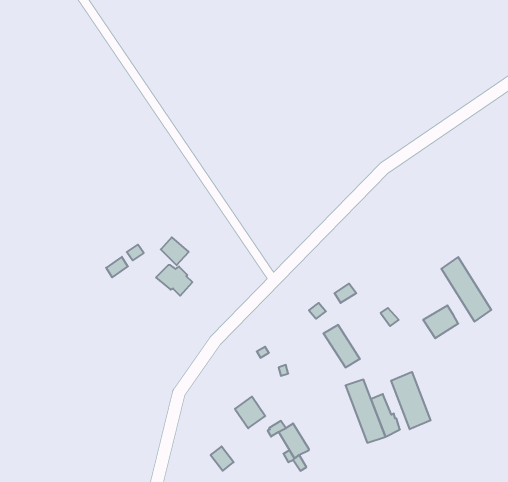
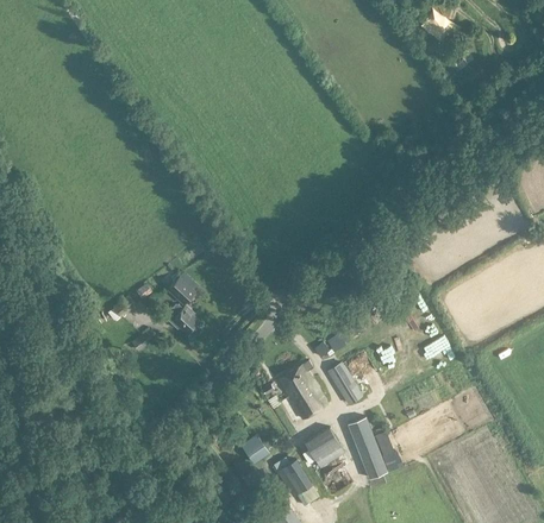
building: [441,257,491,322] -> none
building: none -> [279,360,326,420]
building: [391,372,431,429] -> none
building: none -> [302,428,344,467]

